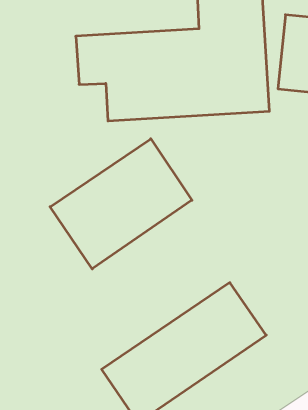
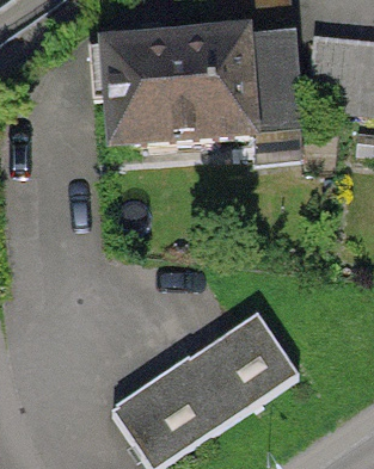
building: [50,139,192,269] -> none

